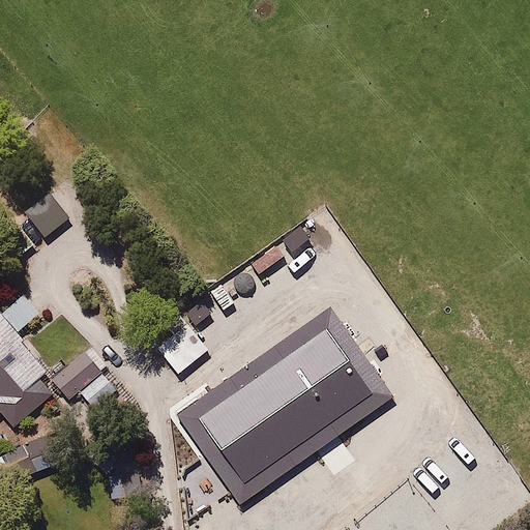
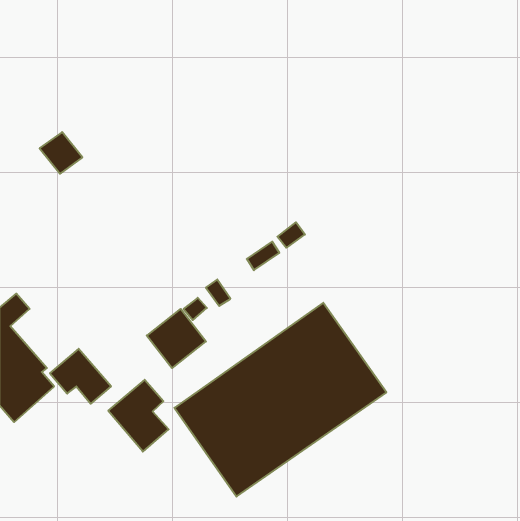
building: [24,197,67,239] -> [40,132,82,174]
building: none -> [108,380,169,452]

